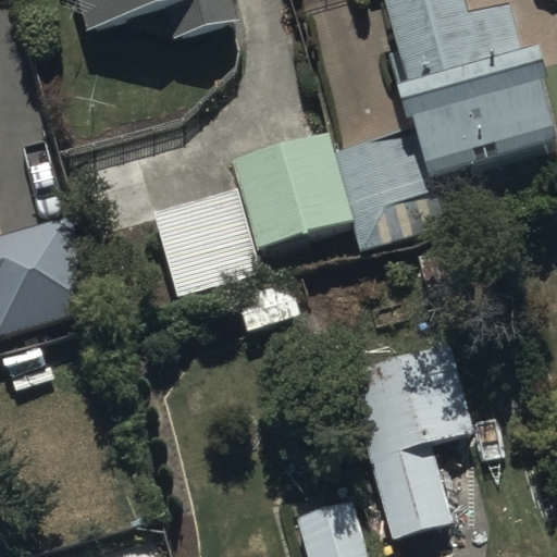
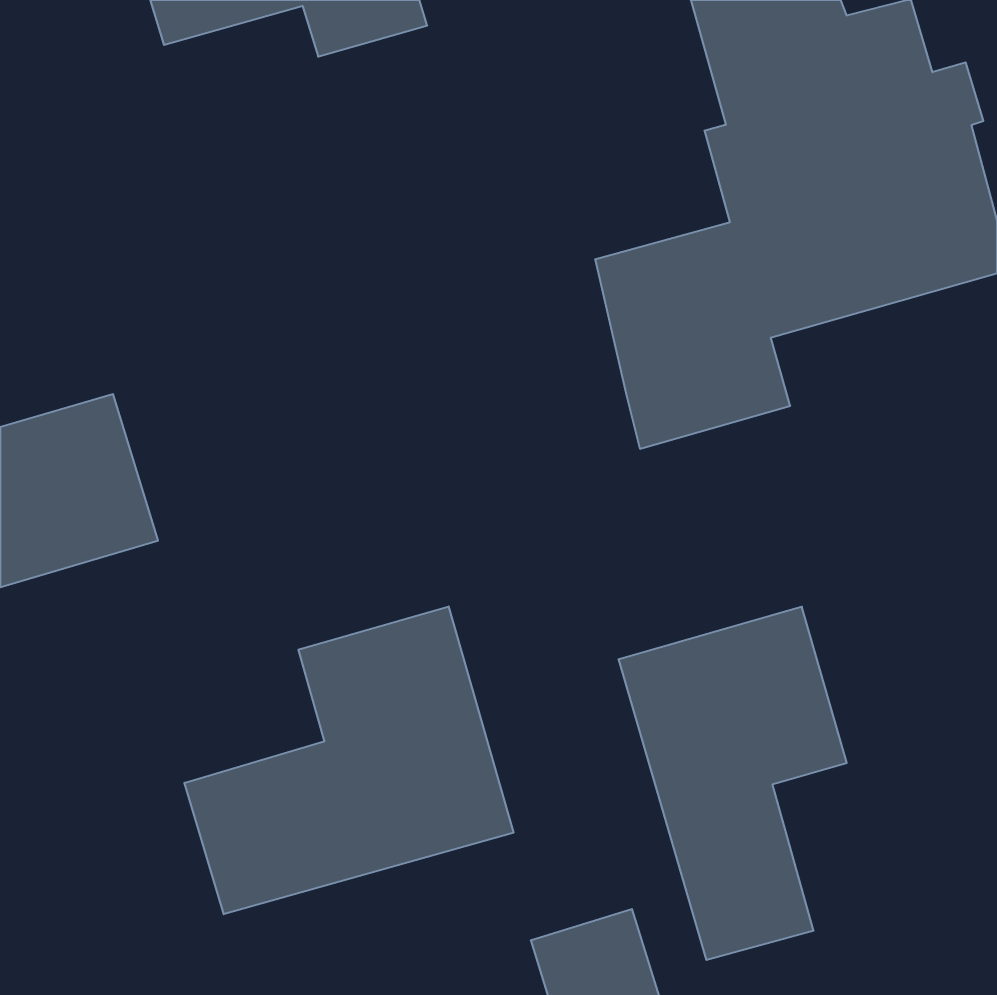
building: [152,129,349,297] -> none
building: none -> [184,606,514,914]

